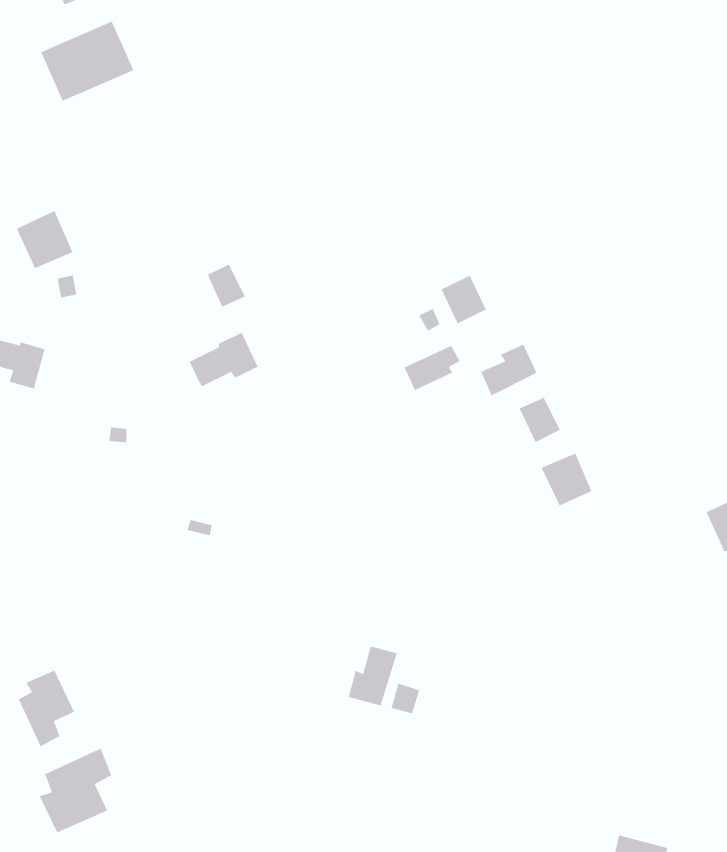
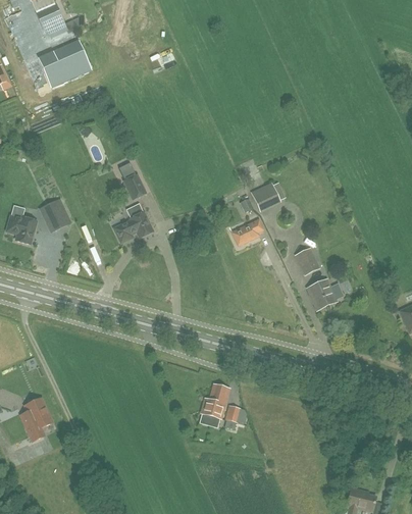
building: [16,210,73,269] -> [41,198,72,230]
building: [480,344,538,396] -> none
building: [39,747,112,834] -> none

